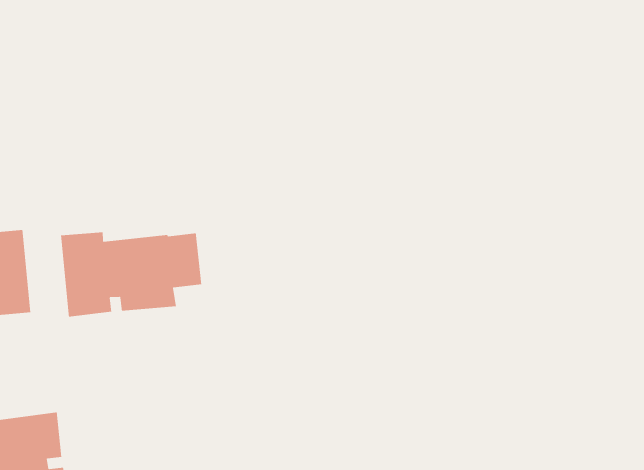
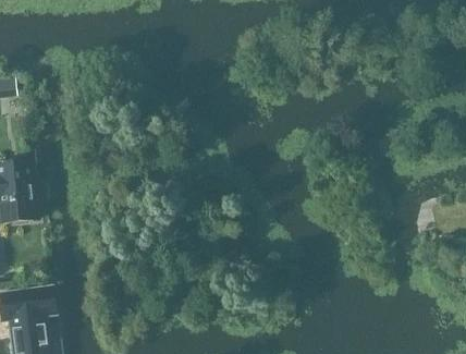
building: [61,232,202,317] -> none

